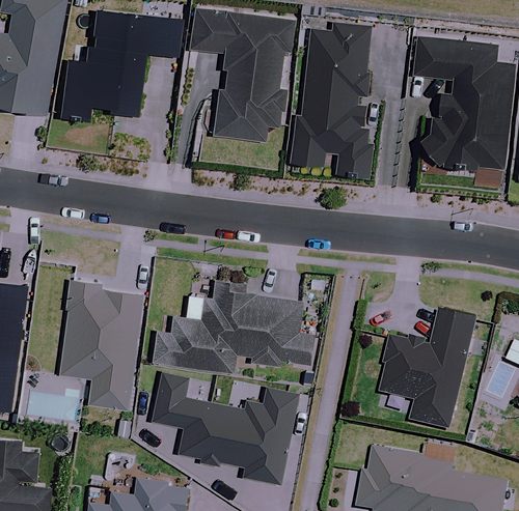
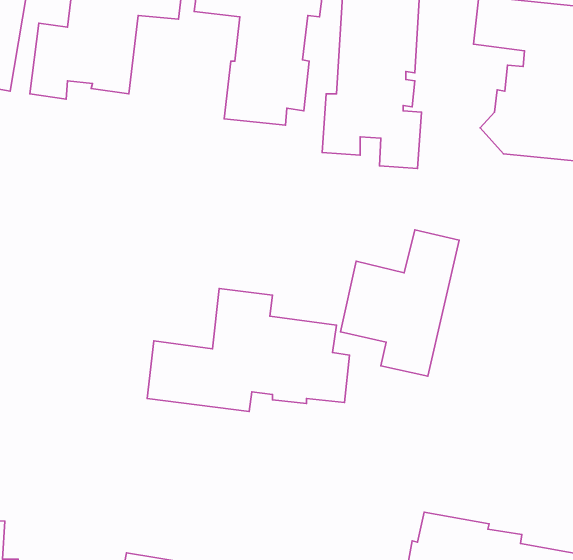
building: [59,281,140,408] -> none
building: [380,311,474,427] -> [340,230,459,376]
building: [153,372,298,481] -> none

